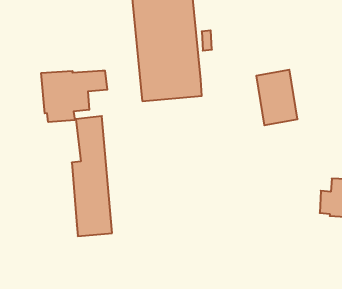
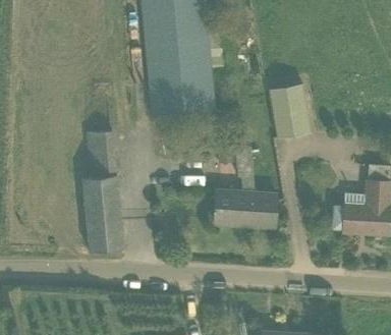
building: [41,71,107,122] -> none
building: none -> [213,144,277,226]

